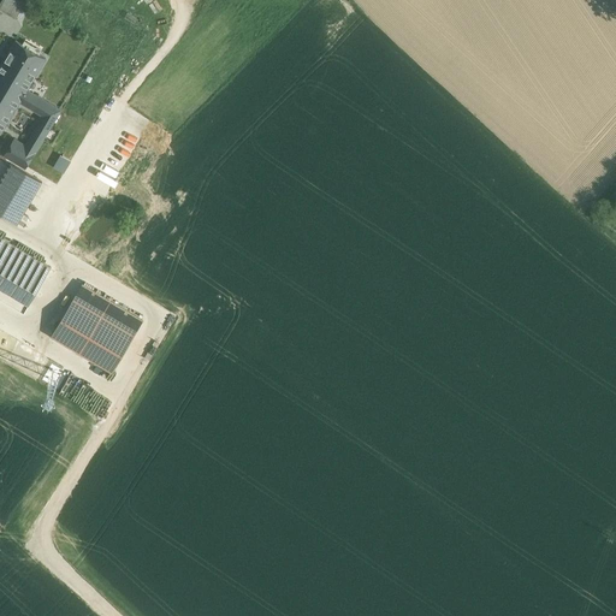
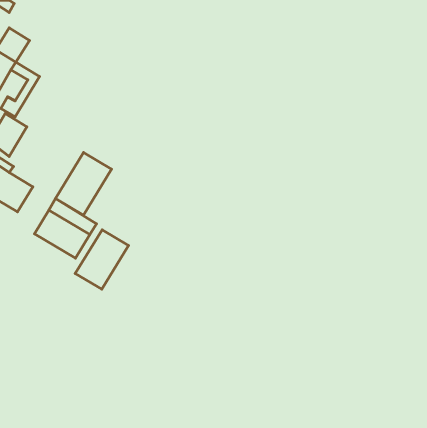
building: none -> [55,152,112,215]
building: none -> [75,230,129,289]

